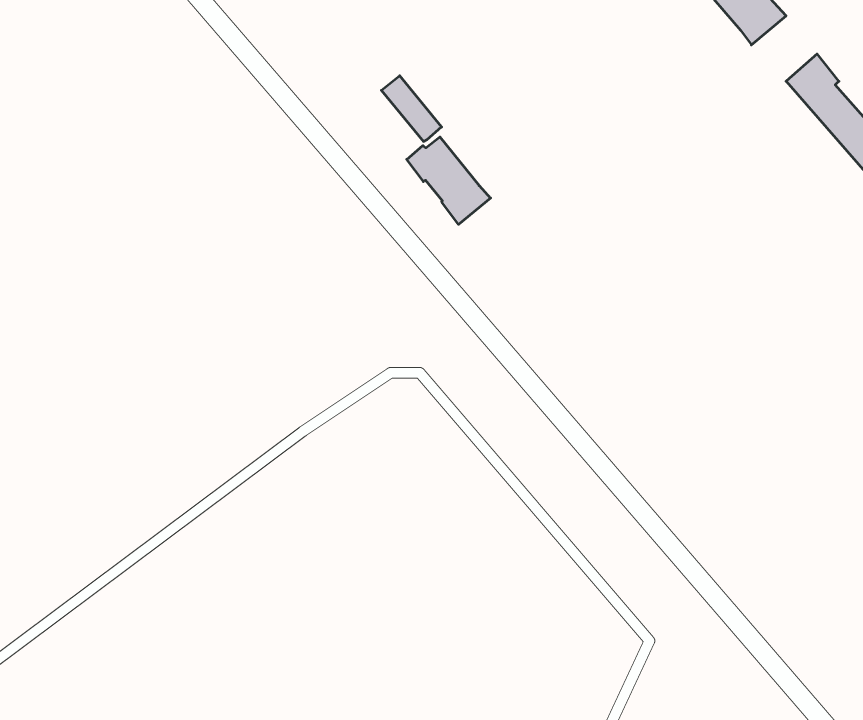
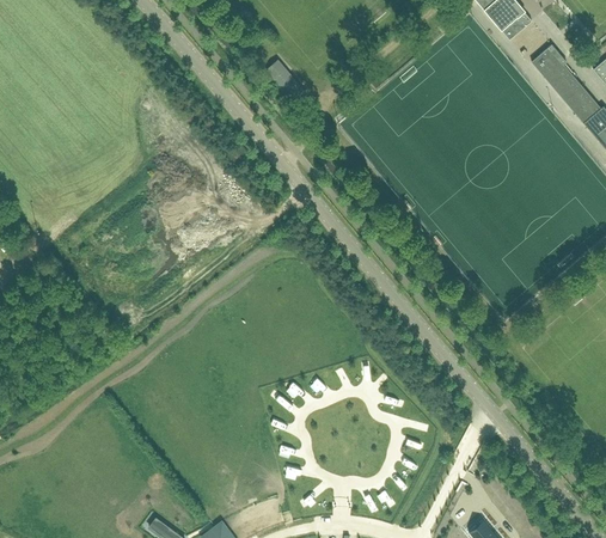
building: [407,137,491,224] -> none

